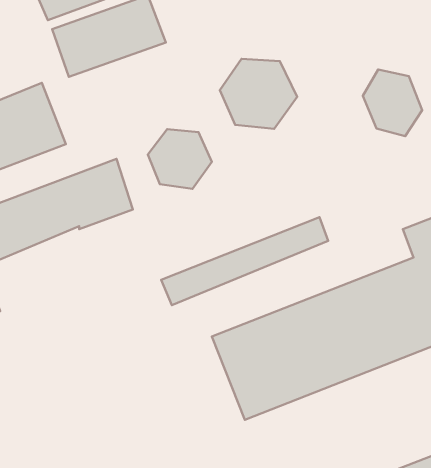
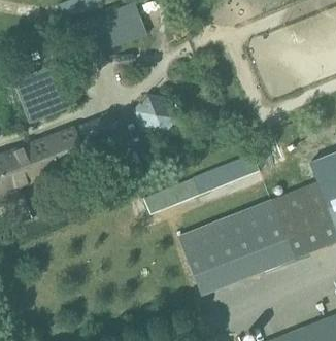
building: [220,59,297,129] -> none
building: [363,69,422,136] -> none

